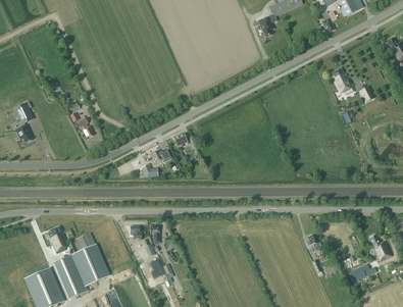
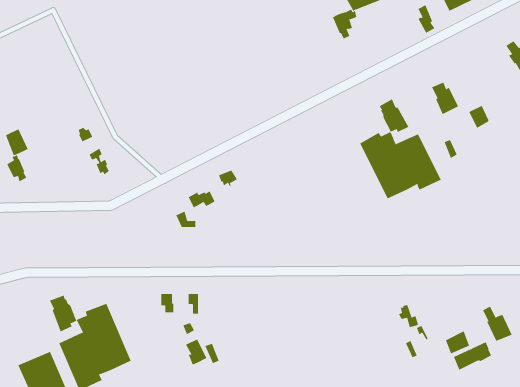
building: none -> [360,98,442,199]

